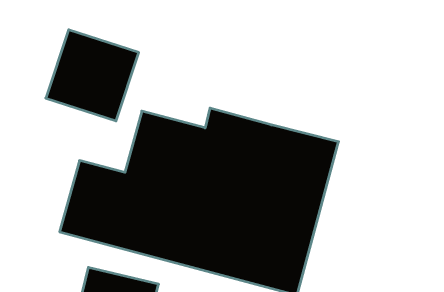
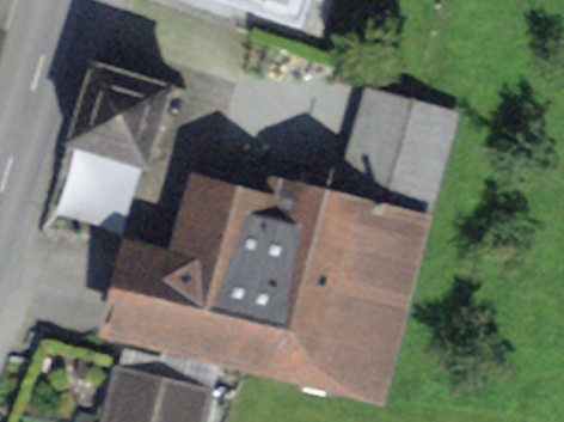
building: none -> [342,91,448,213]

